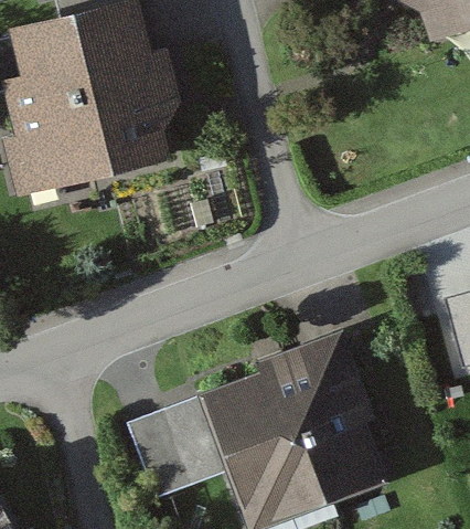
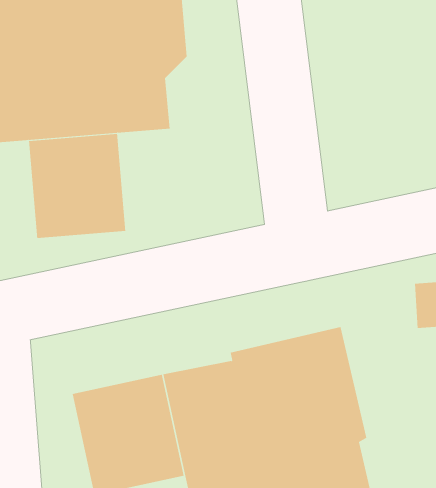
building: none -> [29,133,126,239]

